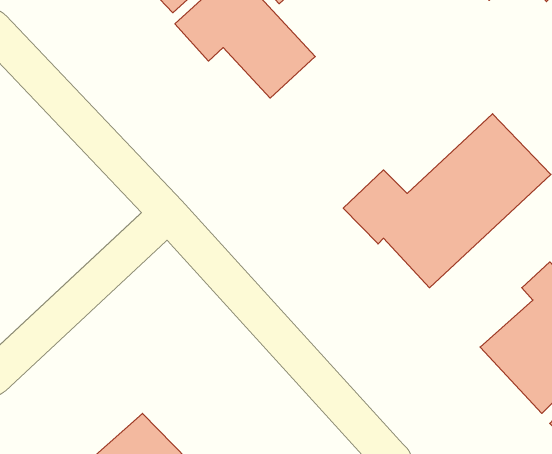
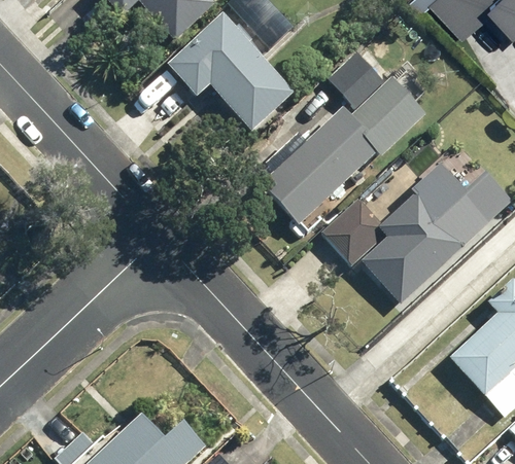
building: none -> [261,57,419,231]

